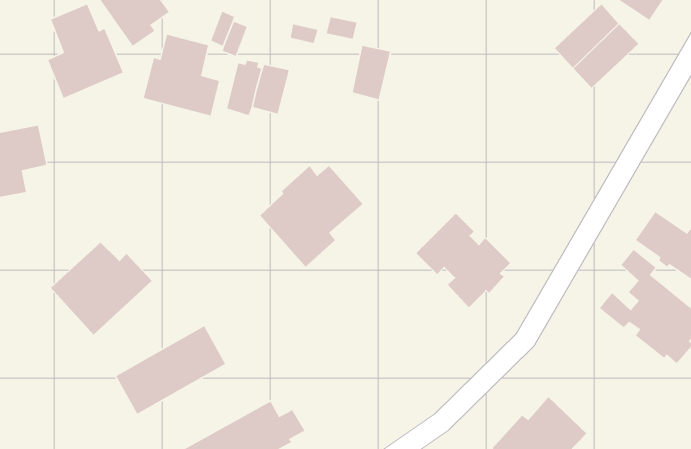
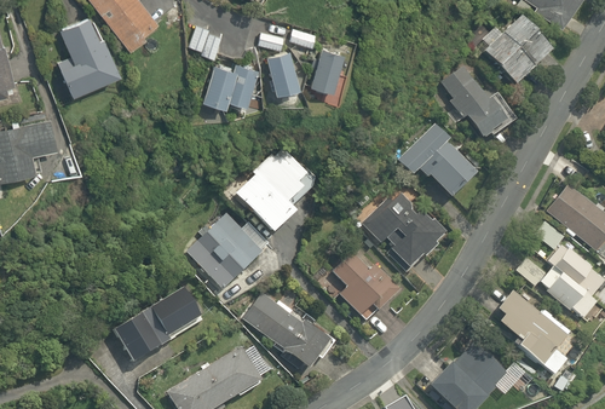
building: [143,34,220,117] -> none
building: none -> [265,48,298,96]
building: none -> [443,68,508,138]
building: none -> [398,123,477,198]
building: [50,242,153,336] -> [186,212,272,290]
building: none -> [333,248,402,319]
building: none -> [242,290,339,371]
building: none -> [496,292,572,378]

